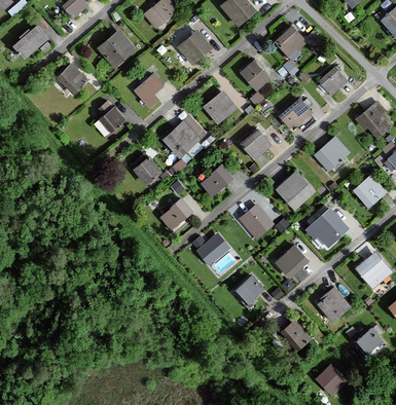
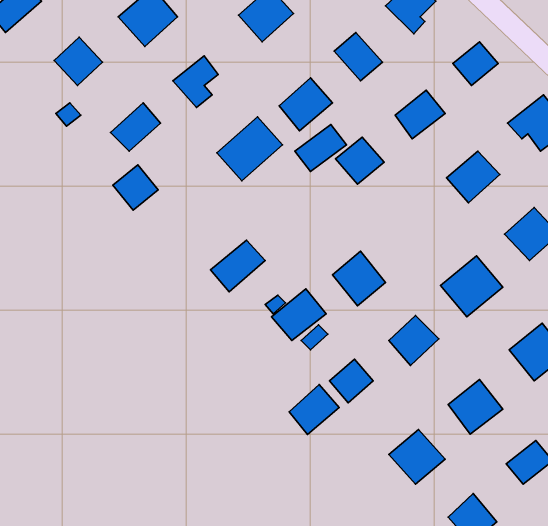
building: [133,155,163,185] -> [113,165,158,210]
building: [201,164,235,195] -> [295,124,347,171]
building: [277,170,316,210] -> none
building: none -> [289,385,339,434]

